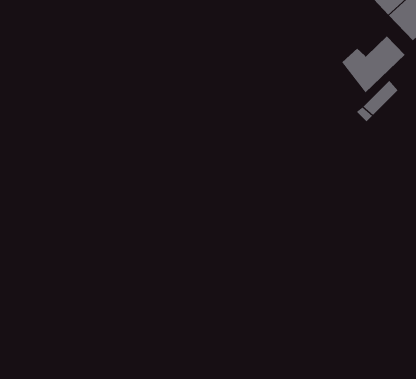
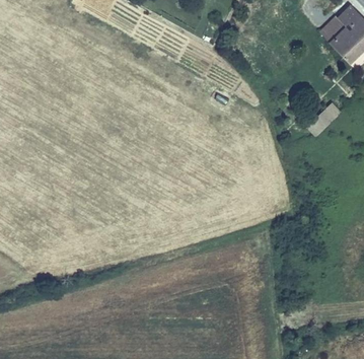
building: [342,36,405,93] -> none

